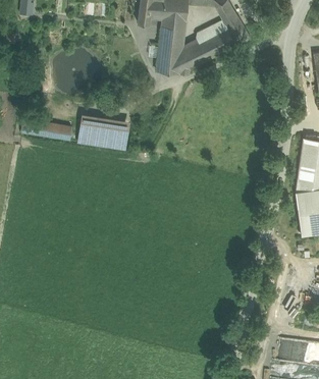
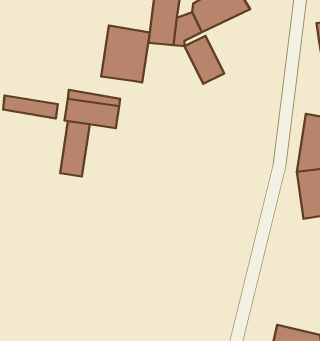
building: none -> [101,26,150,82]
building: none -> [185,36,224,84]
building: none -> [60,121,90,176]

